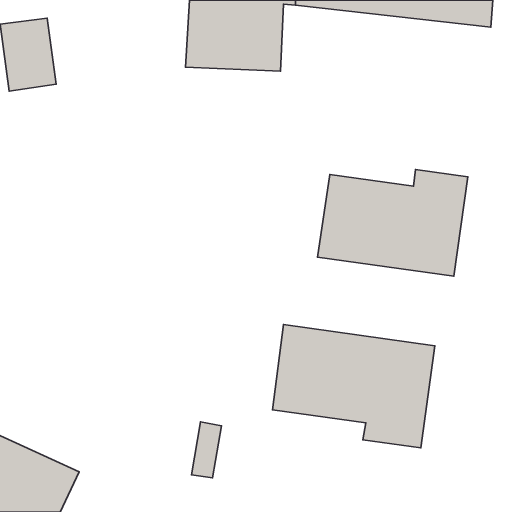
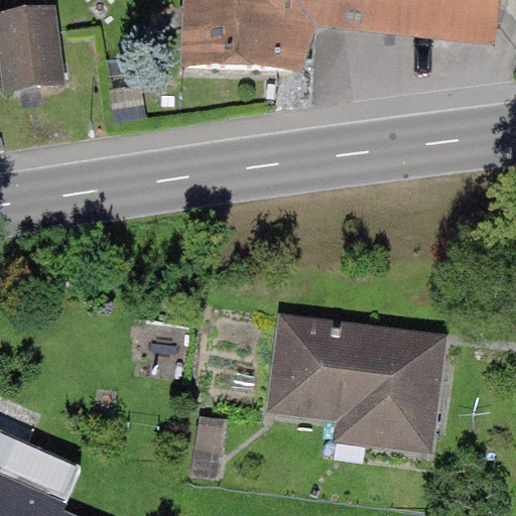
building: [317,169,468,276] -> none

